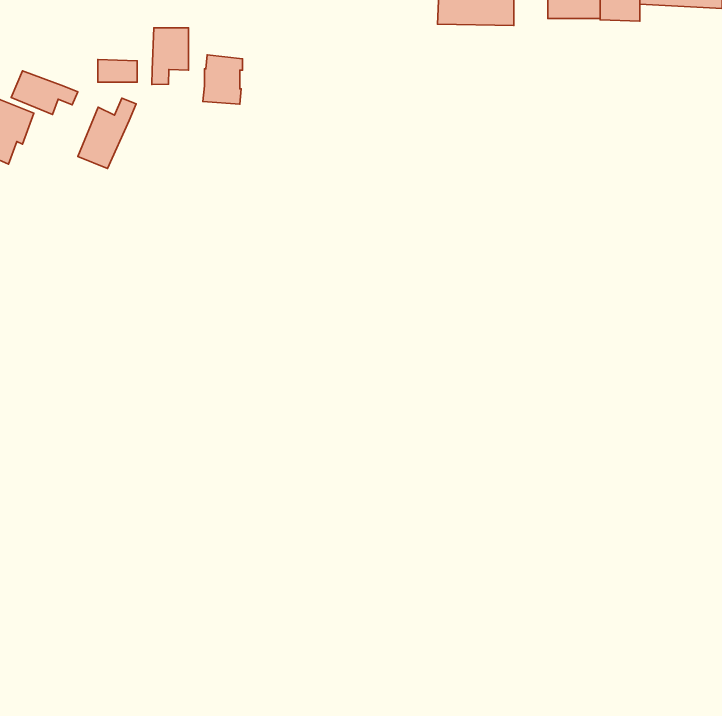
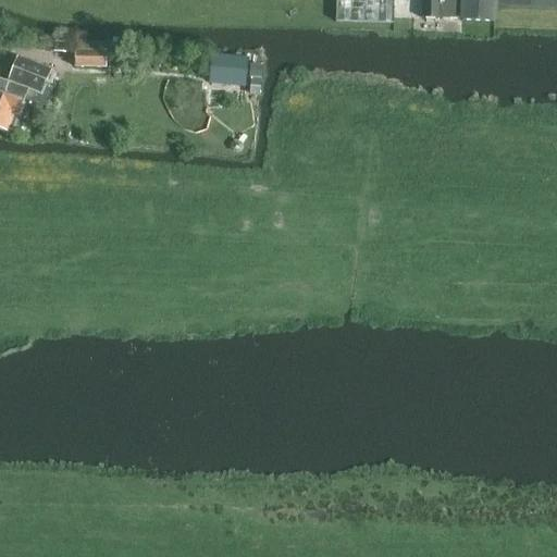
building: [152,28,188,85] -> none
building: [203,55,243,104] -> [211,52,242,90]
building: [78,98,136,169] -> none

